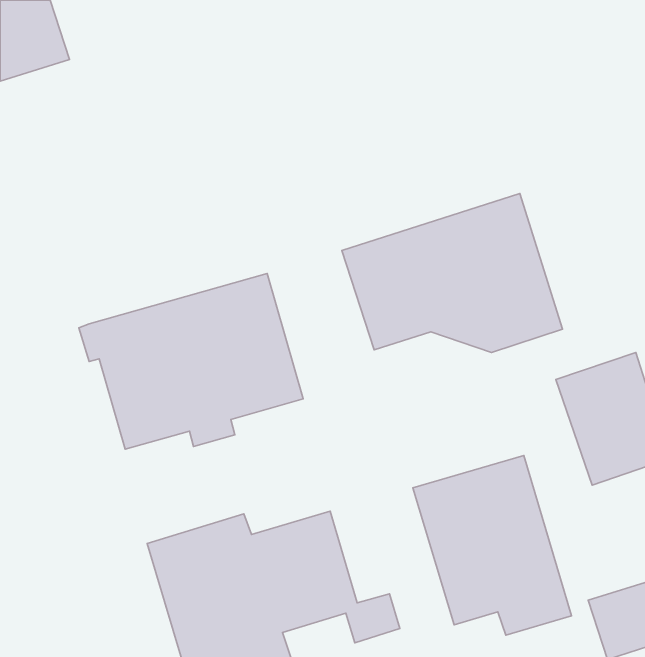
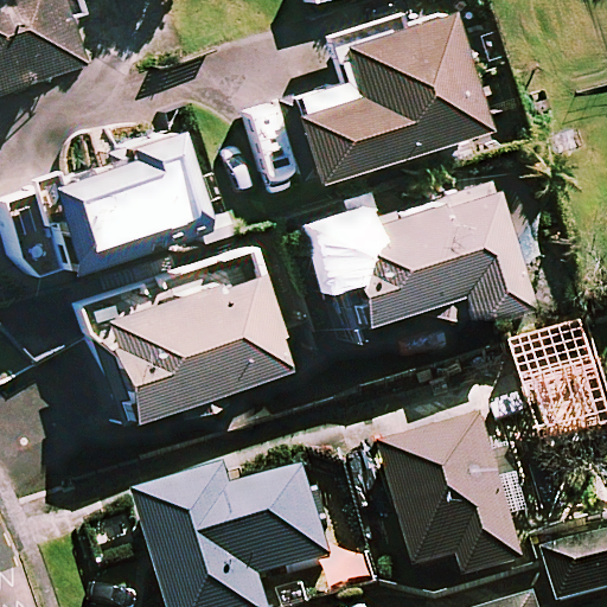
building: none -> [287,8,485,180]
building: none -> [39,126,238,270]

